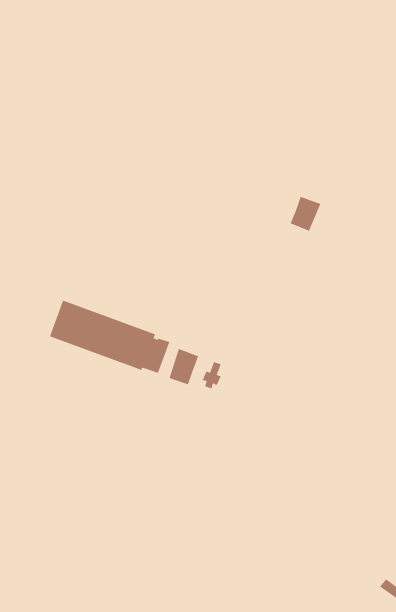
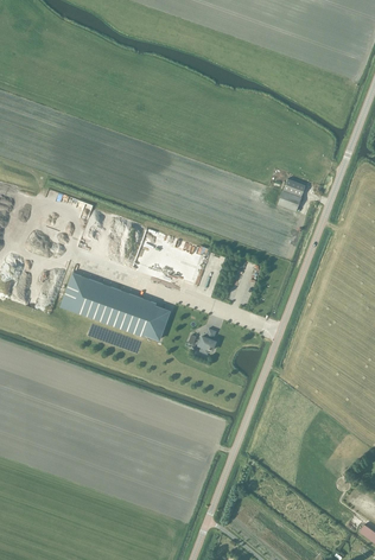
building: [169,348,199,385] -> none

